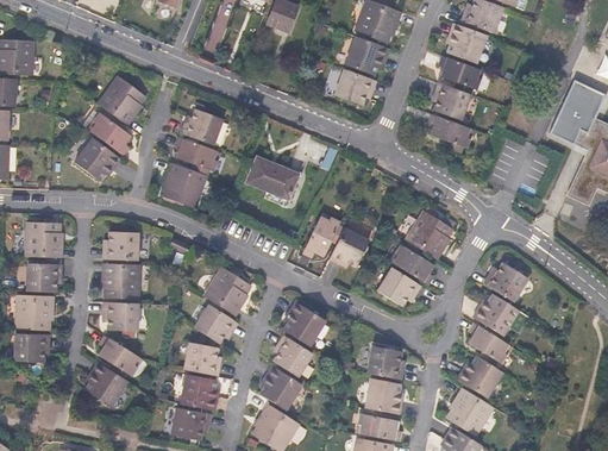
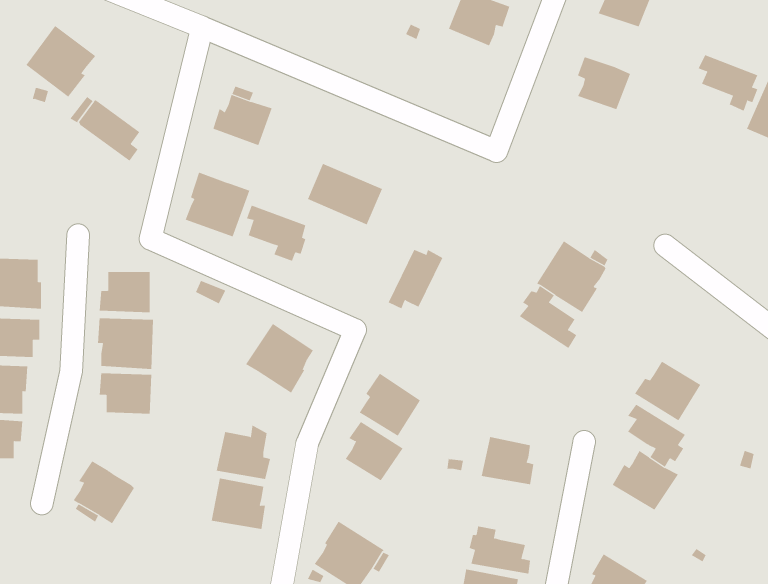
building: [438,55,479,94] -> [698,55,758,111]
building: [334,68,376,104] -> none
building: [98,75,146,125] -> [26,25,96,98]
building: [427,113,471,151] -> none
building: [175,136,217,175] -> [246,205,306,261]
building: [74,137,120,180] -> none
building: [328,227,369,269] -> none
building: [483,262,528,301] -> none
building: [377,267,421,306] -> none
building: [194,303,238,343] -> none
building: [99,334,139,378] -> none
building: [259,365,302,409] -> none
building: [364,377,402,414] -> none
building: [446,387,494,436] -> none
building: [170,407,211,439] -> none

